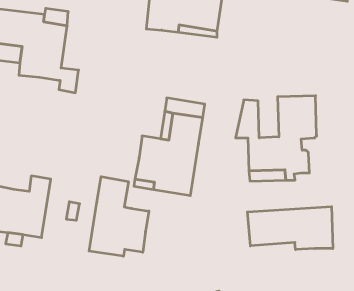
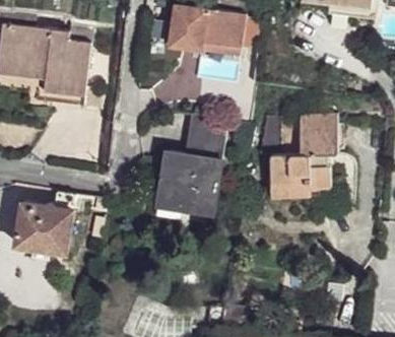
building: [89,177,149,256] -> none
building: [247,207,333,250] -> none

